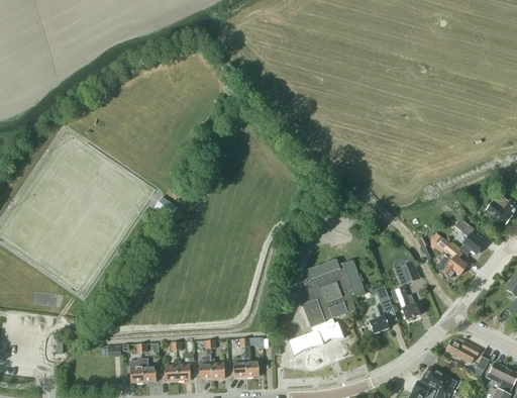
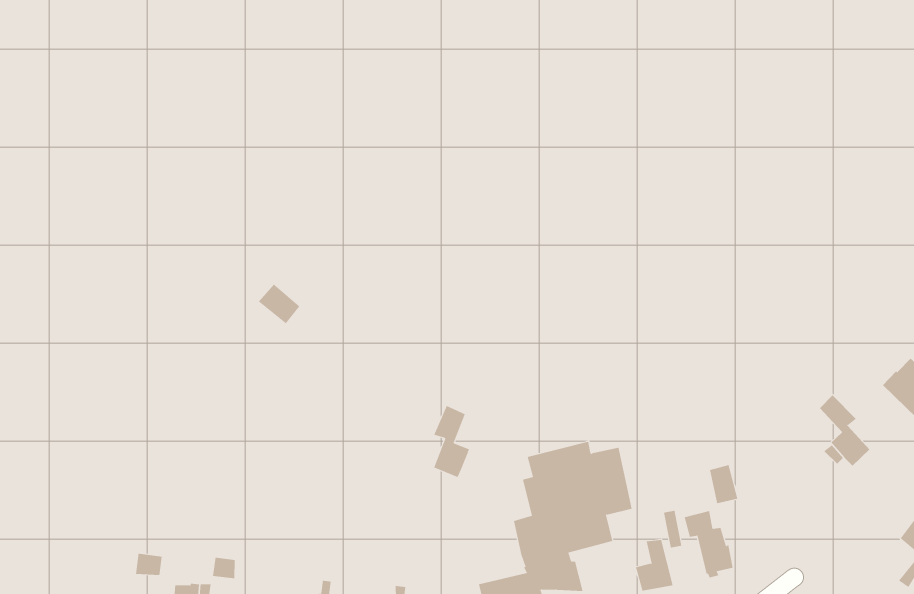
building: [435,238,468,278] -> none
building: none -> [433,405,469,478]

